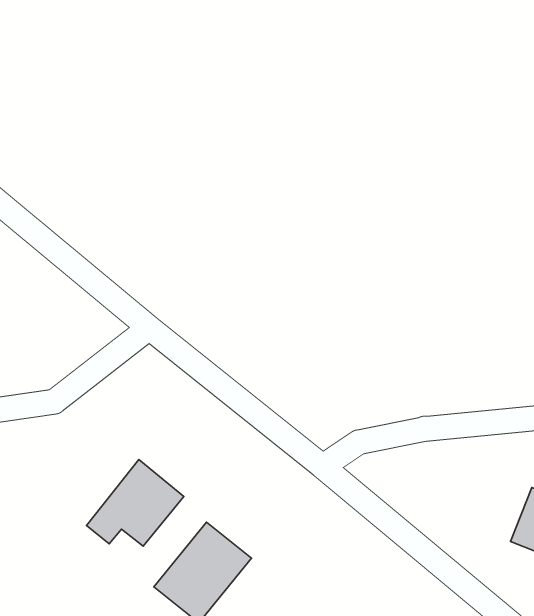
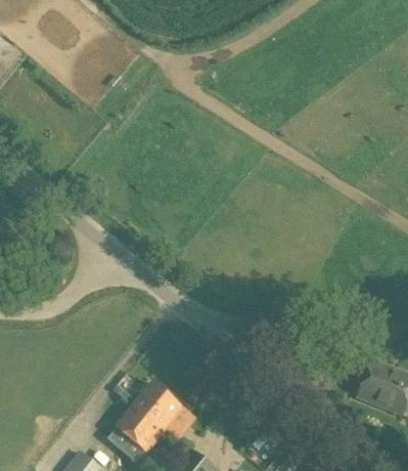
building: [87,460,184,546] -> none

